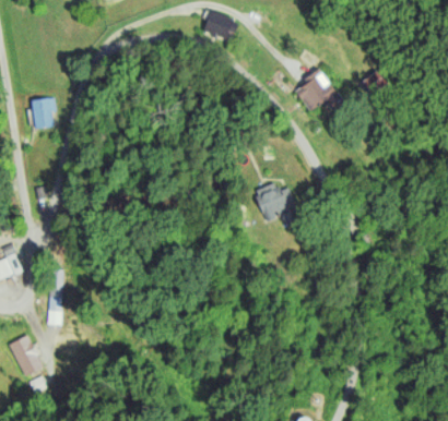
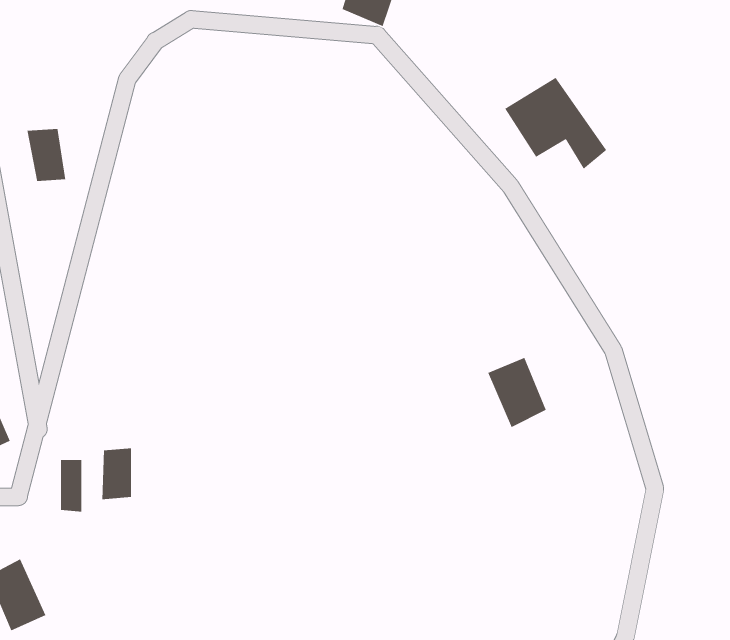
building: [257,183,290,222] -> [487,357,547,428]
building: none -> [101,447,132,500]

